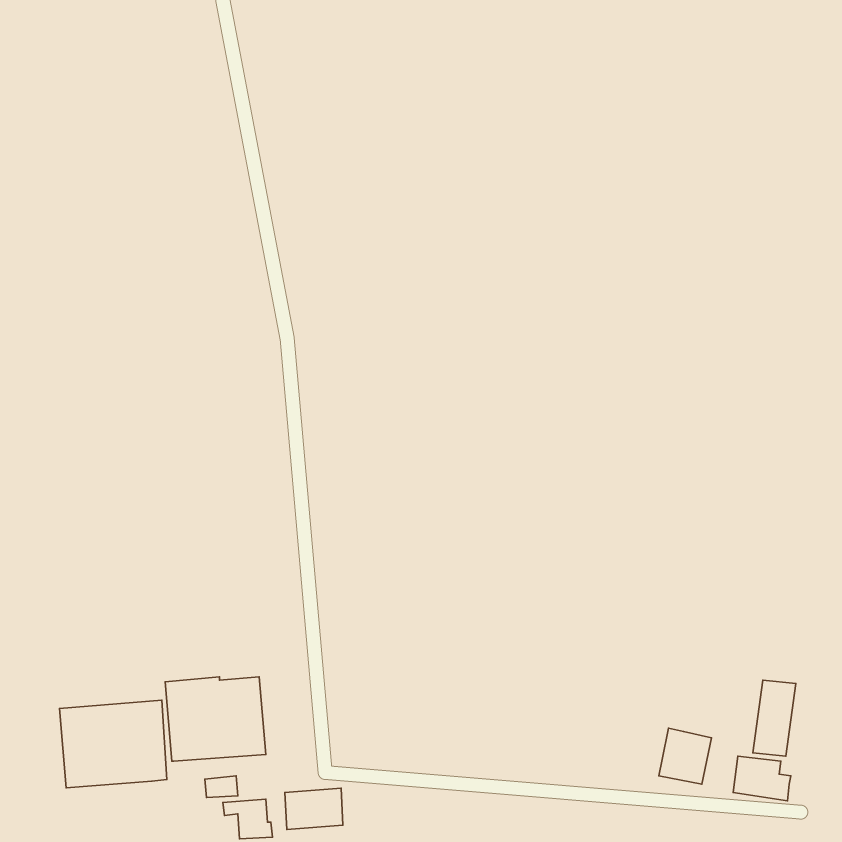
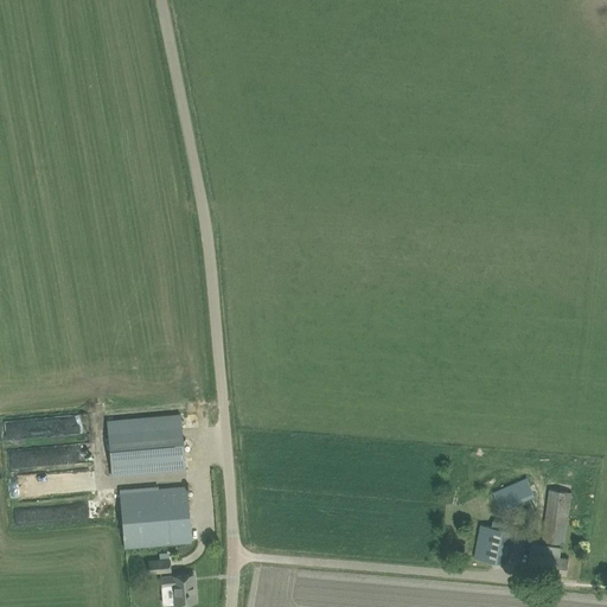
building: none -> [492,479,533,511]
building: [59,700,167,788] -> [107,414,184,477]
building: [285,788,343,829] -> none

